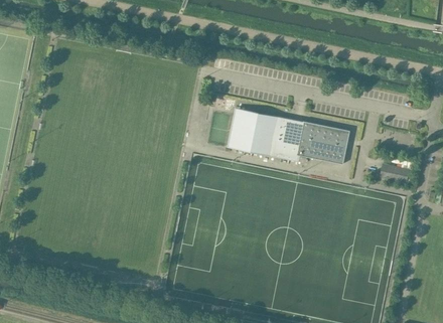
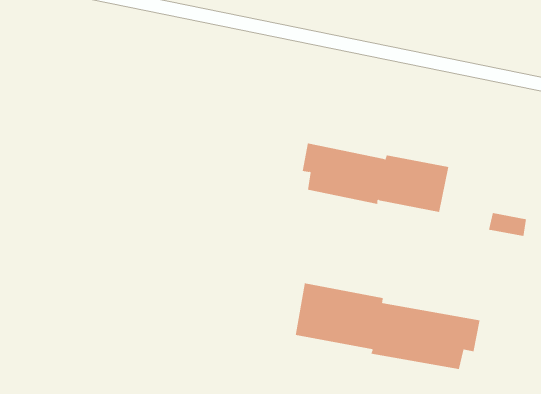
building: none -> [295,283,480,370]

